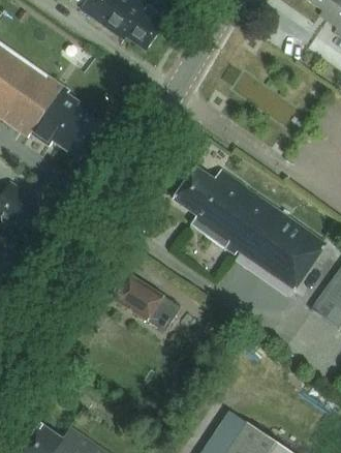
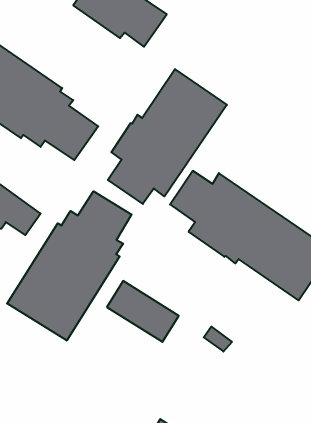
building: none -> [108,69,227,204]
building: none -> [7,191,132,341]

